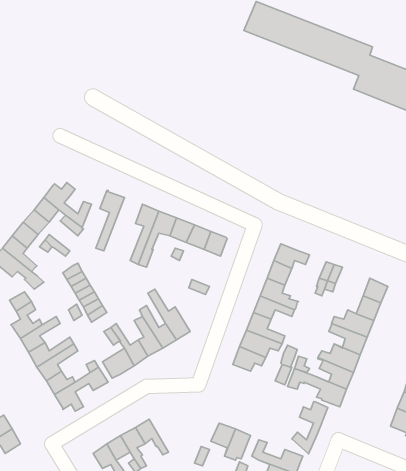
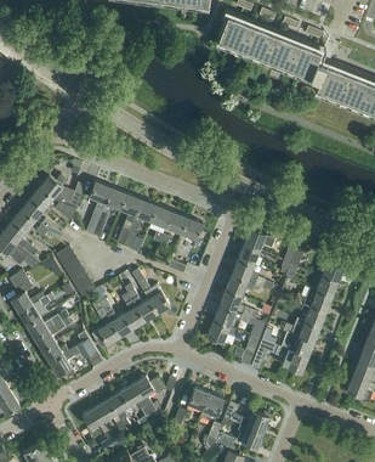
building: none -> [92,188,126,238]
building: [292,402,328,454] -> none
building: none -> [132,377,164,418]

